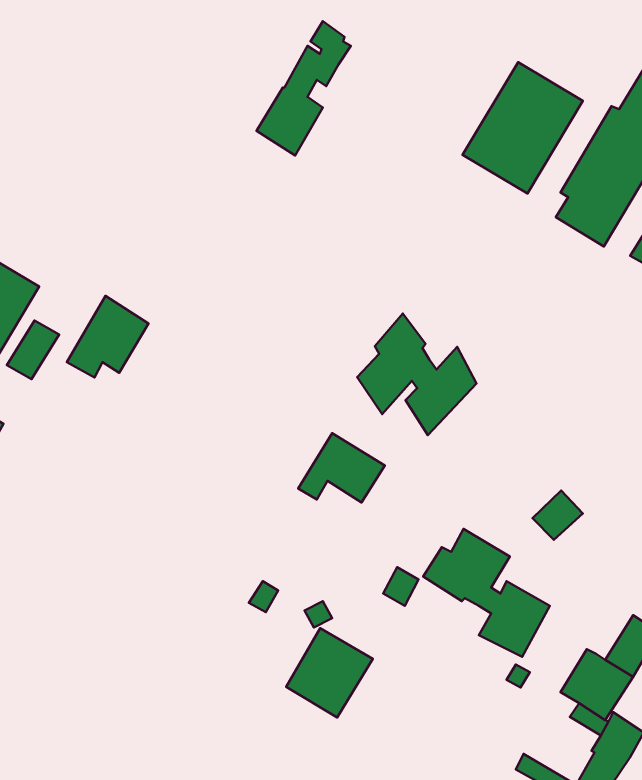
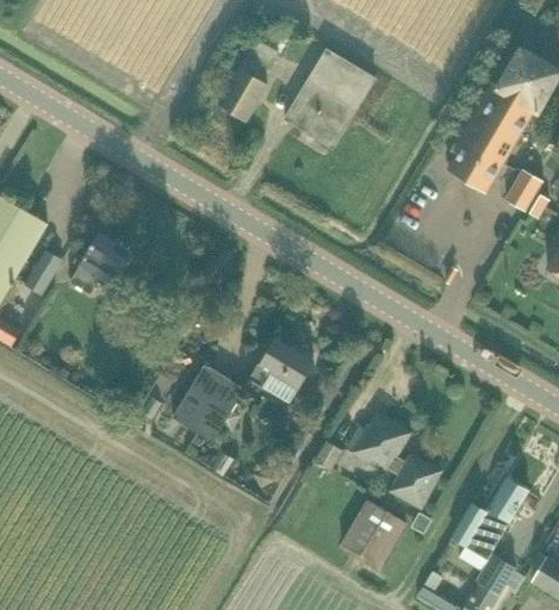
building: [463,62,583,193] -> [284,48,377,149]
building: [357,313,476,435] -> none
building: none -> [173,363,246,442]
building: [532,491,583,540] -> none
building: [286,628,373,718] -> [341,498,408,567]

